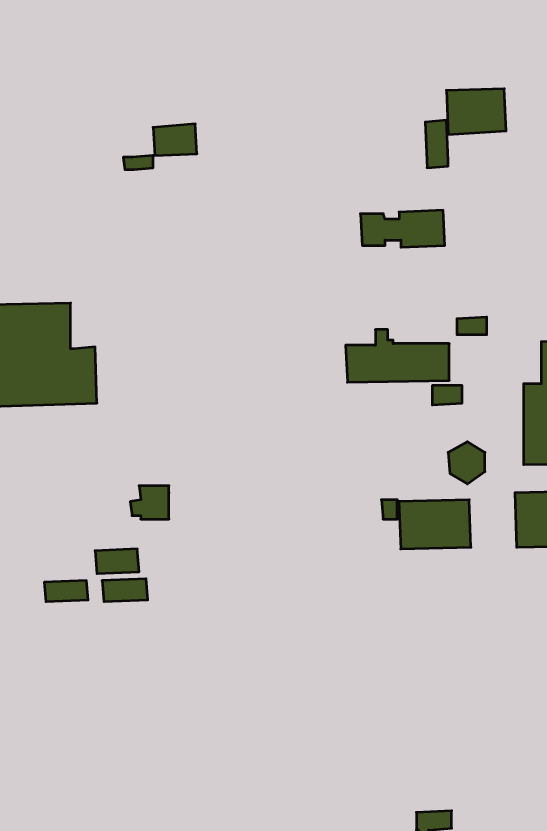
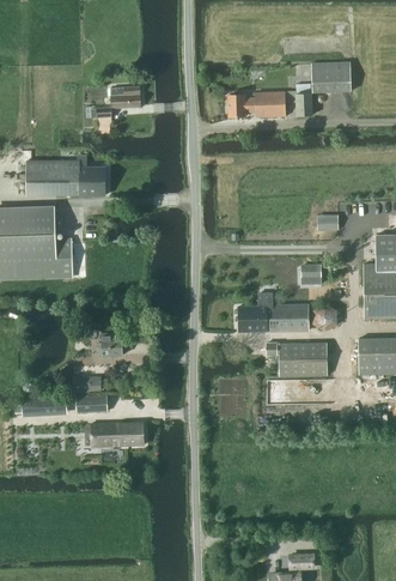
building: [360,210,445,247] -> [229,92,286,117]
building: none -> [26,156,105,195]
building: [346,330,449,382] -> [238,296,309,332]
building: none -> [91,422,144,447]

